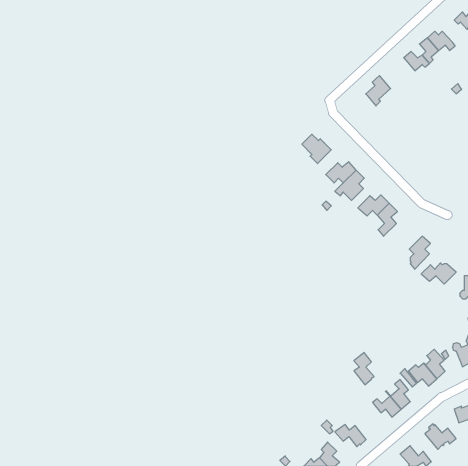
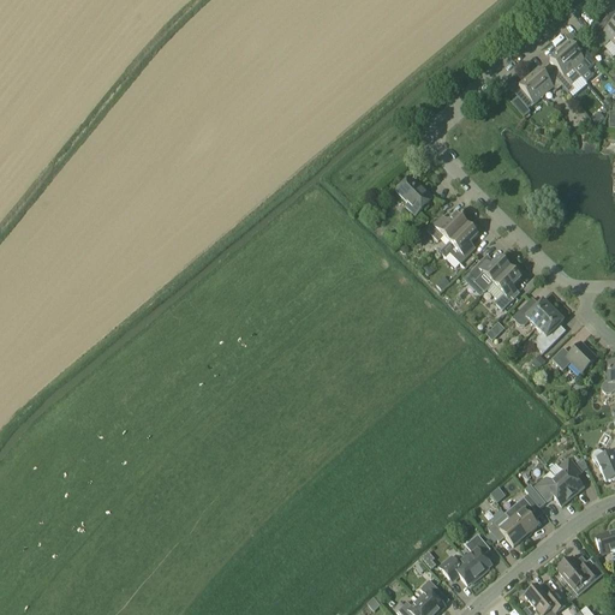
building: [366,76,391,106] -> [512,76,544,115]
building: none -> [513,298,554,326]
building: [354,353,374,385] -> [466,532,492,574]

